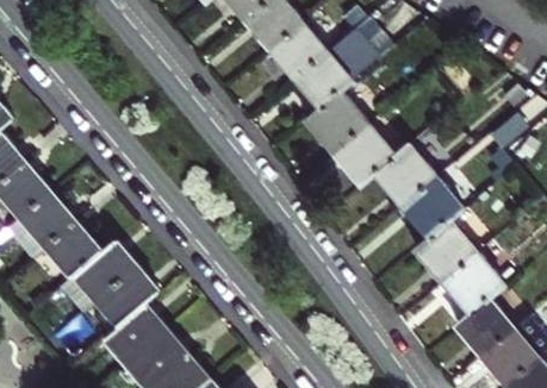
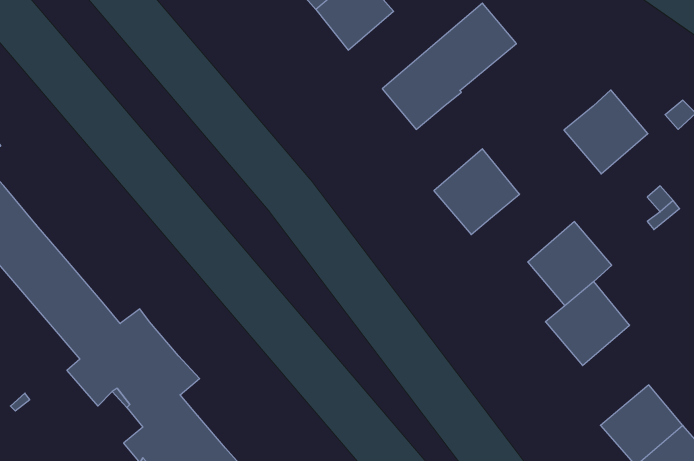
building: [269,21,327,79] -> none
building: [306,90,368,154] -> none
building: [374,144,436,206] -> [564,90,648,174]
building: [442,252,504,314] -> none

